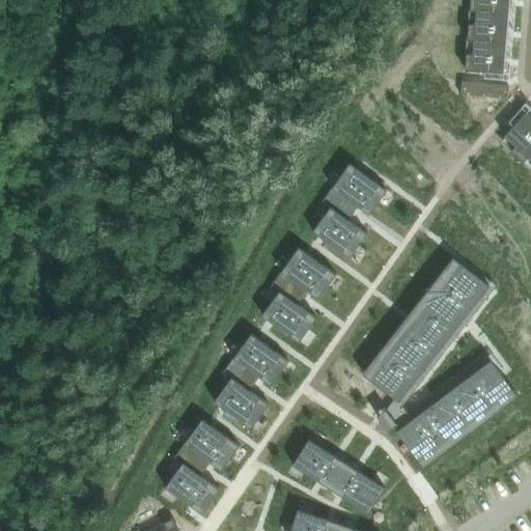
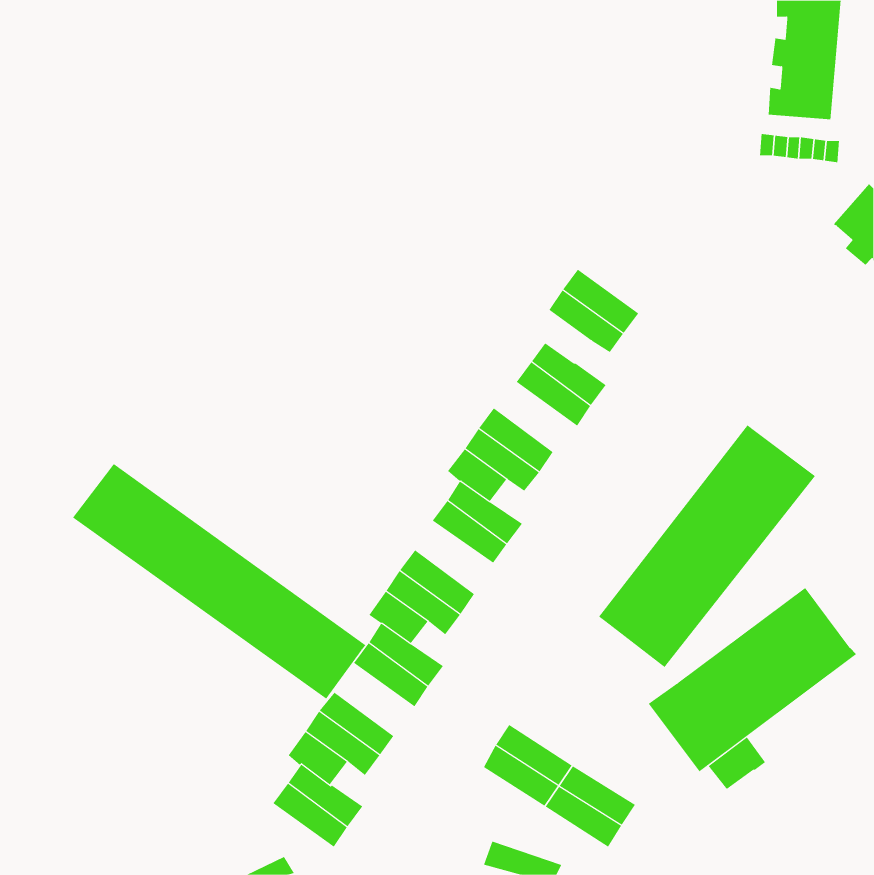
building: [322,188,358,220] -> none
building: none -> [72,463,366,699]
building: none -> [708,737,766,790]

